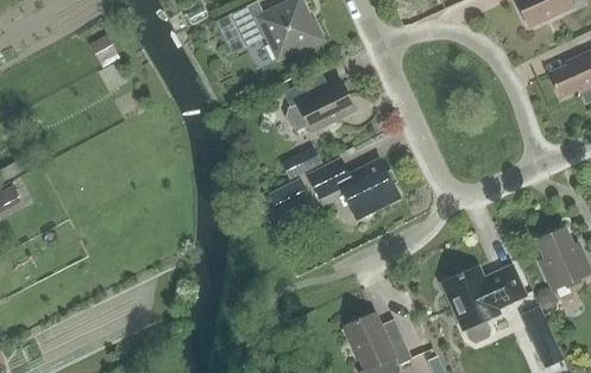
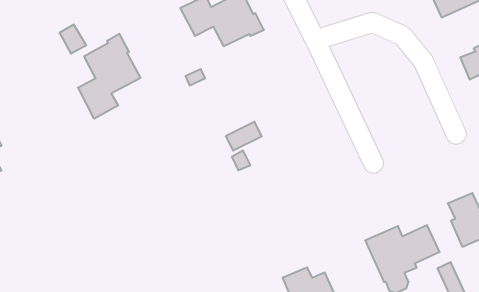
building: none -> [78,34,140,119]
building: [282,74,354,132] -> none
building: [308,159,398,217] -> none

